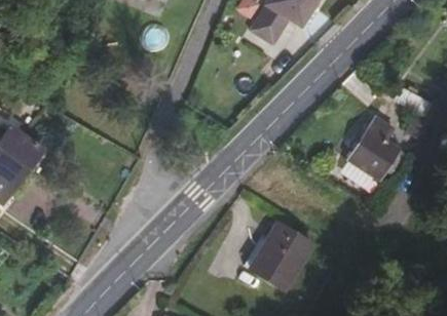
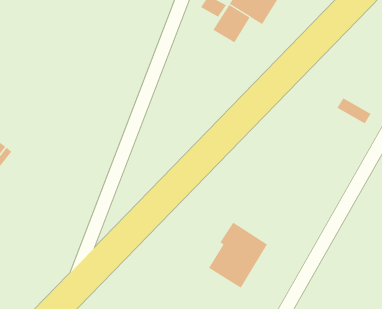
building: [347,115,397,176] -> none

